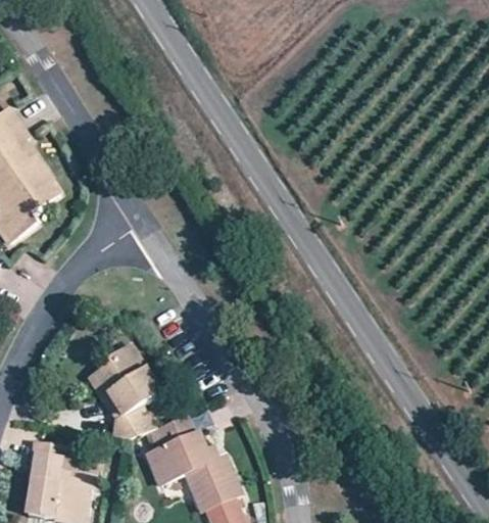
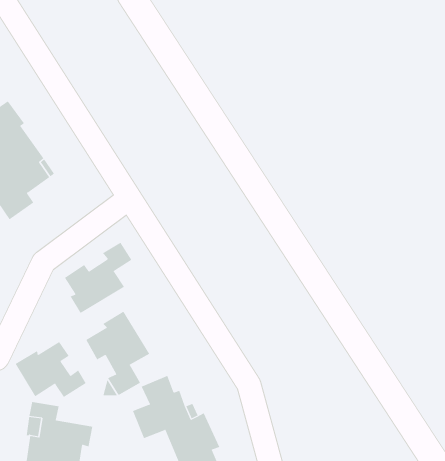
building: none -> [64,242,132,314]
building: none -> [15,341,86,398]

